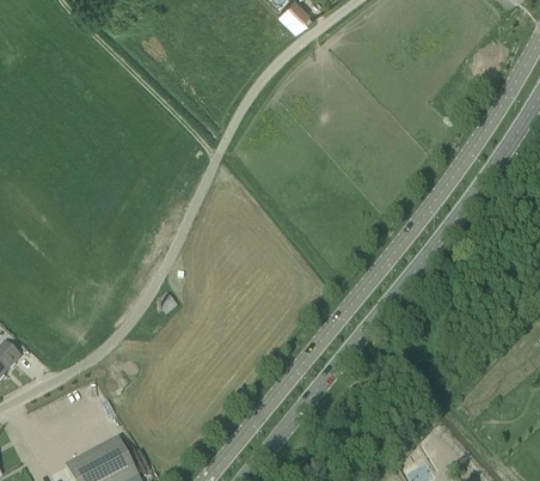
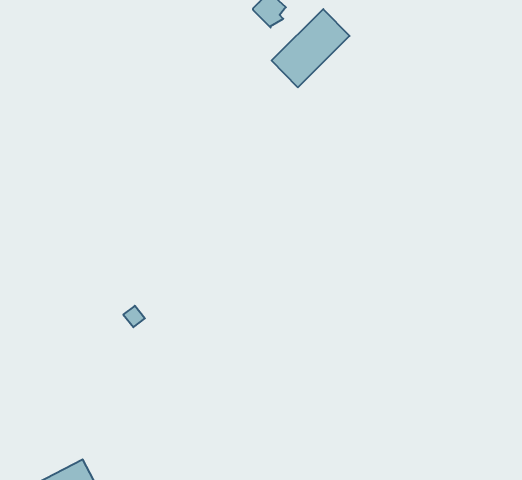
building: none -> [272,9,350,87]

